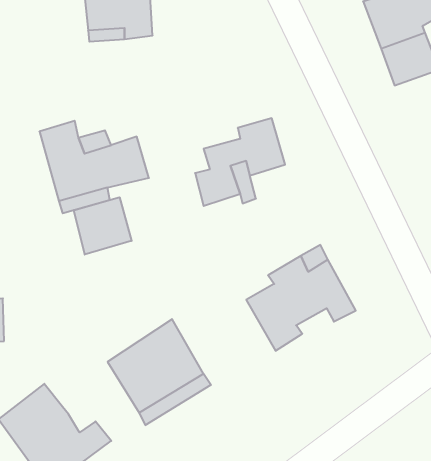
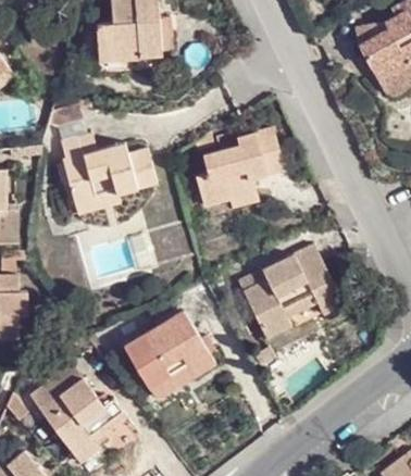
building: [74,197,132,255] -> none

